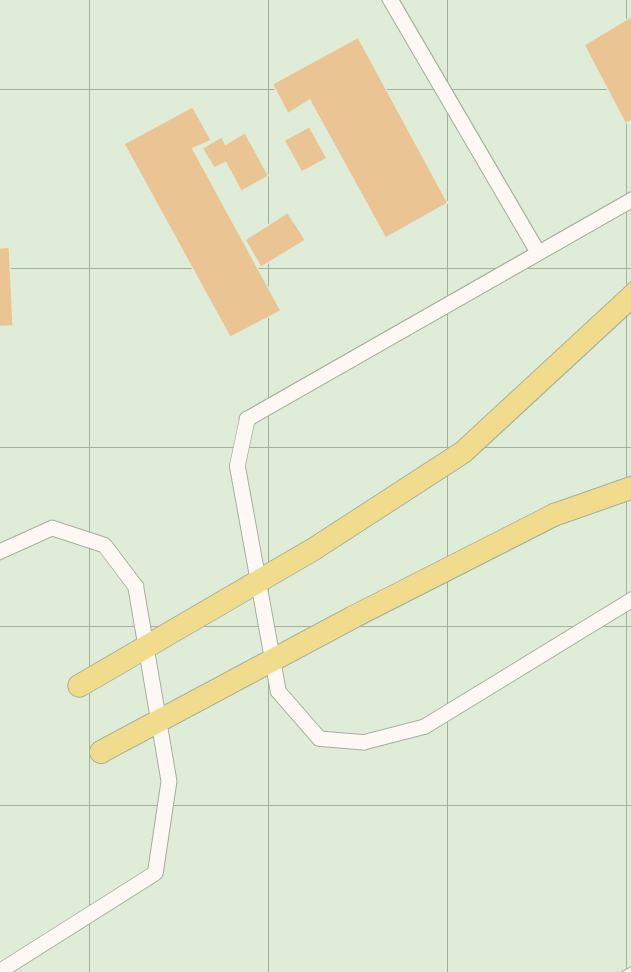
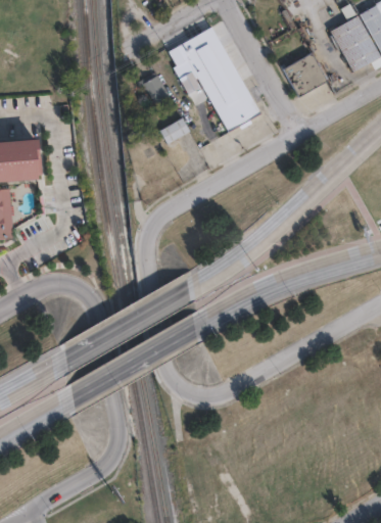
building: none -> [285,52,329,96]
building: [124,107,281,337] -> none

